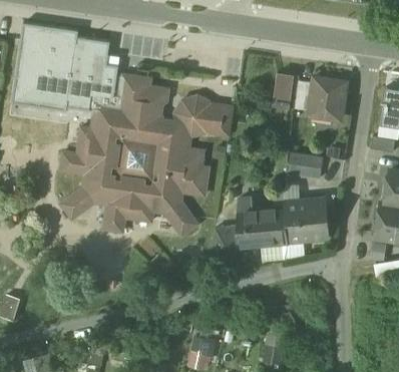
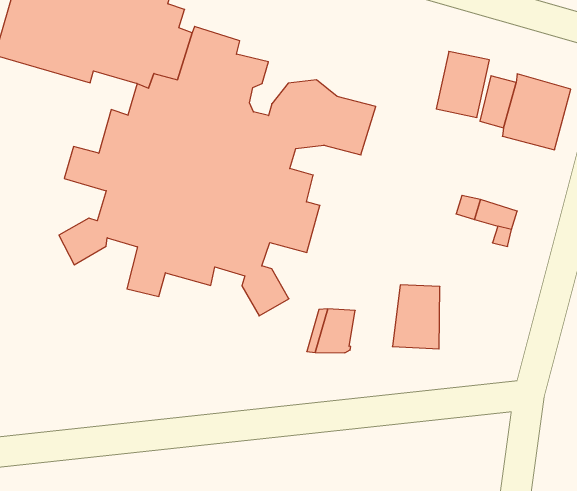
building: [285,198,330,243] -> none
building: [237,199,262,248] -> none

